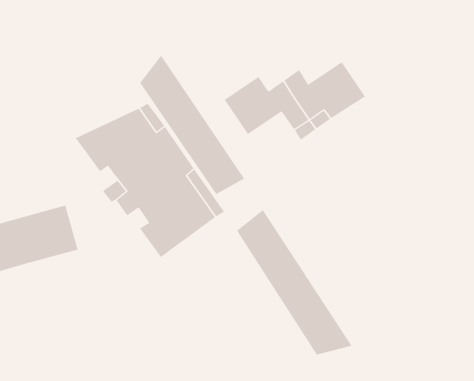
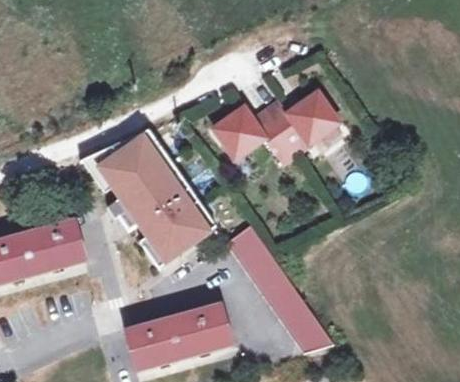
building: [140,55,245,195] -> none
building: none -> [126,304,233,370]

